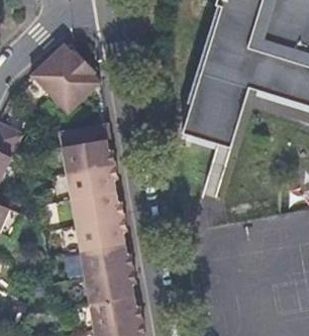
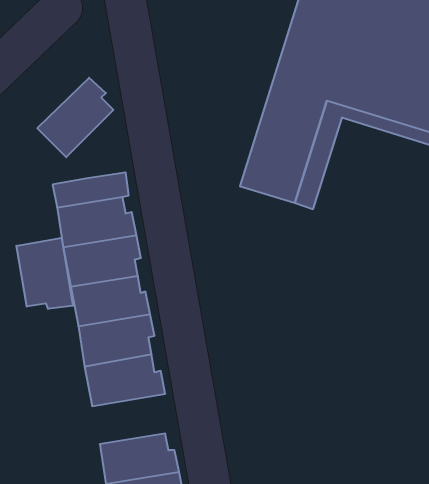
building: [29,45,82,94] -> none
building: none -> [16,238,73,309]
building: [84,269,134,303] -> none

